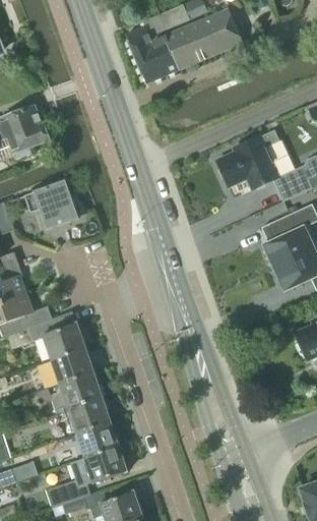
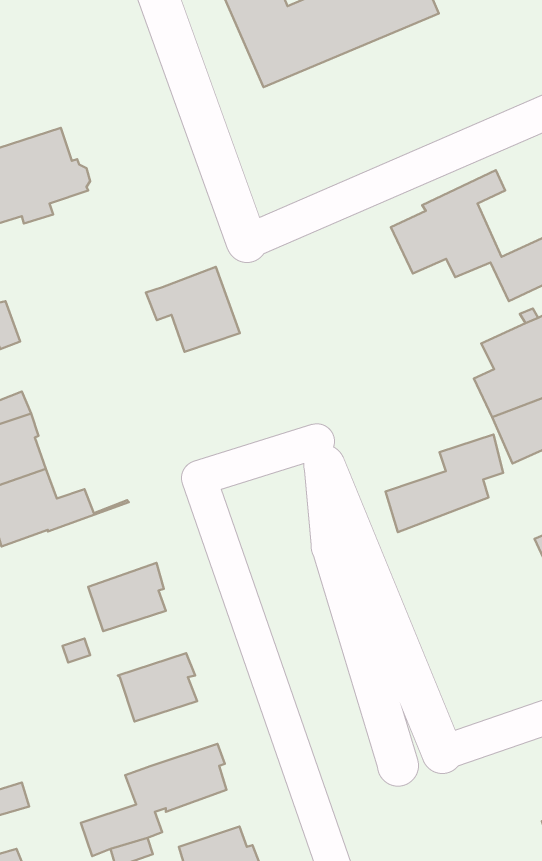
building: [25,181,77,228] -> [146,267,240,352]
building: none -> [386,434,503,532]
building: [7,312,87,359] -> none
building: [51,372,104,413] -> none
building: [75,422,121,458] -> none

